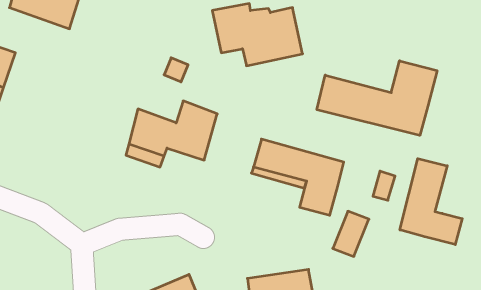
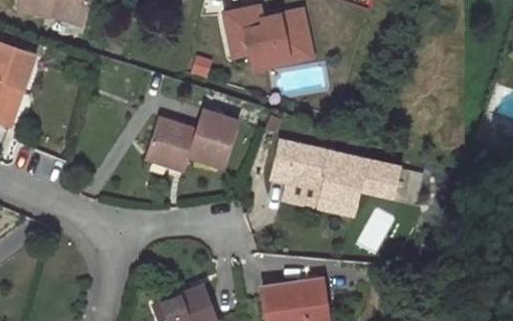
building: [317,61,437,135] -> none
building: [400,159,462,245] -> none
building: none -> [355,167,397,201]

